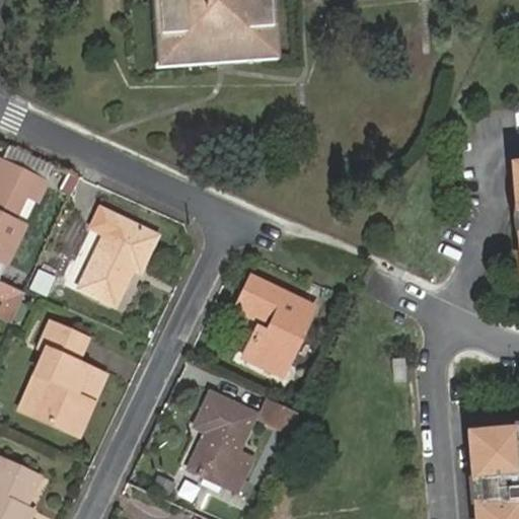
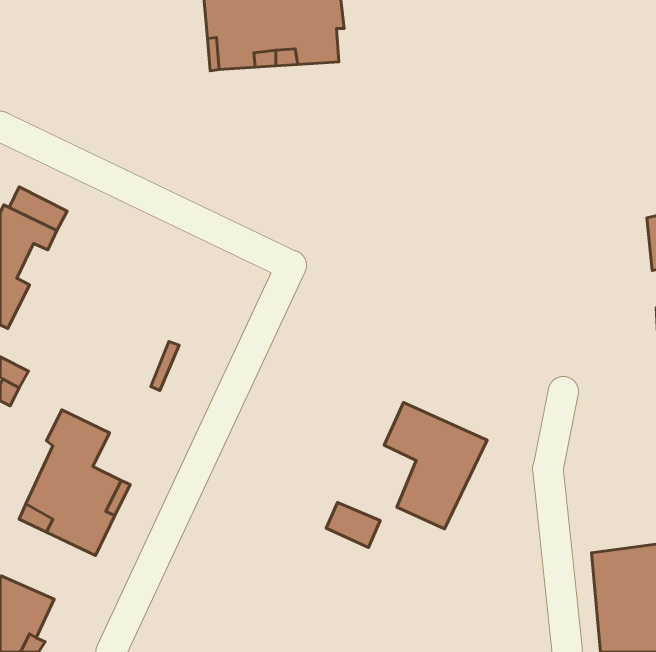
building: [81,207,157,301] -> none
building: [233,279,314,378] -> [384,403,487,529]
building: [188,396,253,495] -> none

